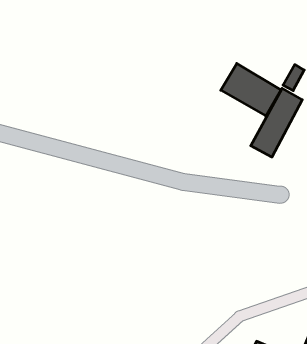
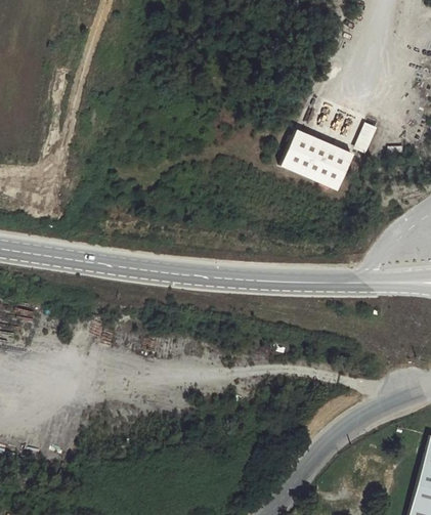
building: [251,88,302,157] -> none

